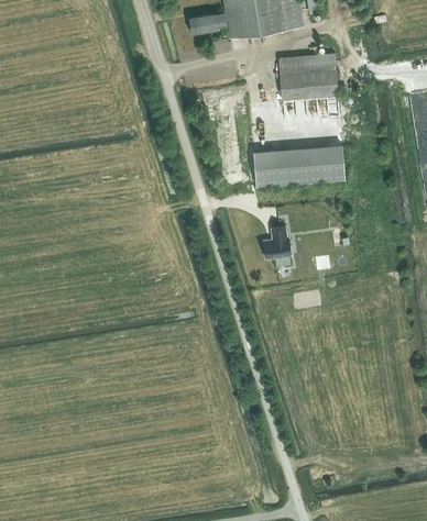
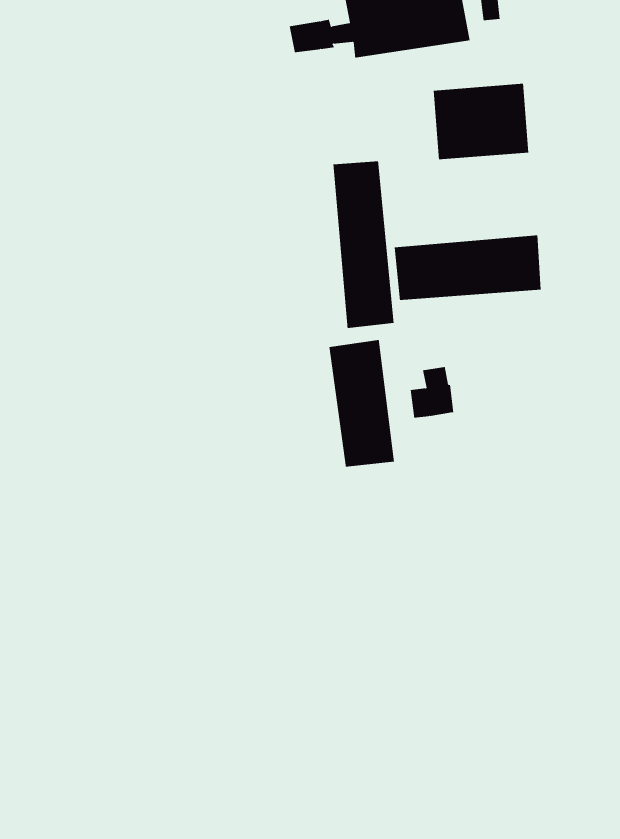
building: none -> [333,161,394,329]
building: none -> [329,339,394,468]

